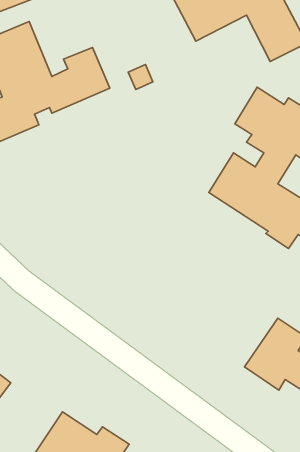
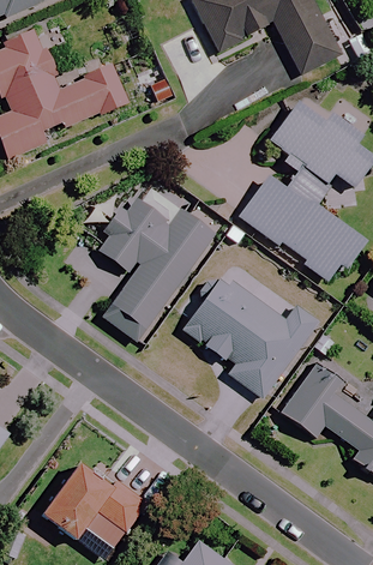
building: none -> [95,186,216,344]
building: none -> [180,272,318,401]

